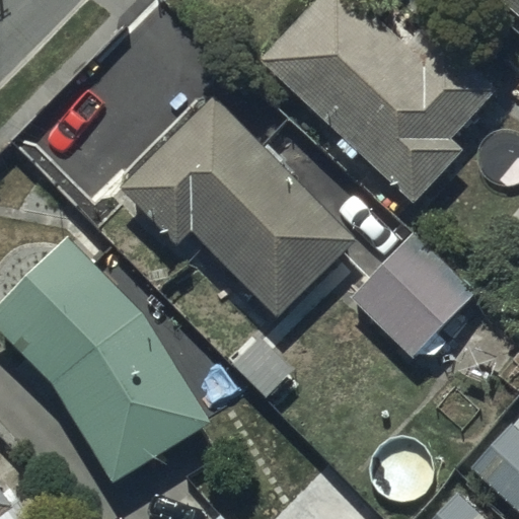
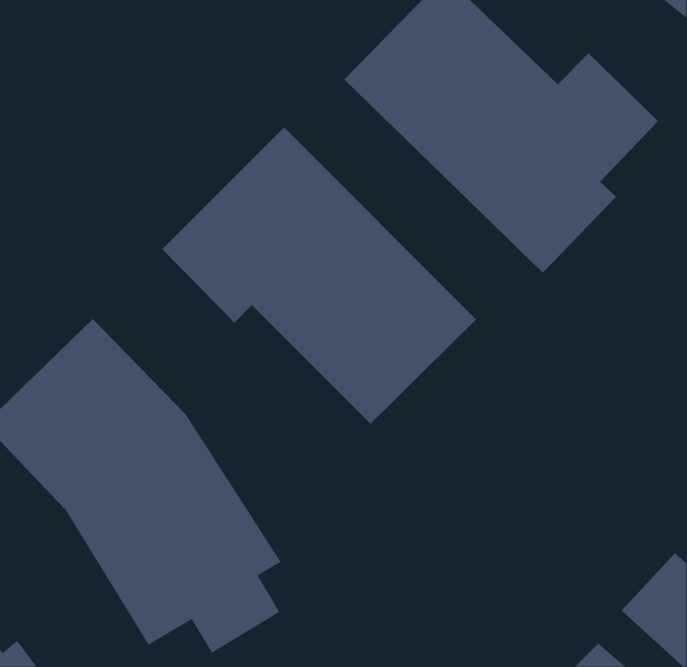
building: [352,226,484,357] -> none

